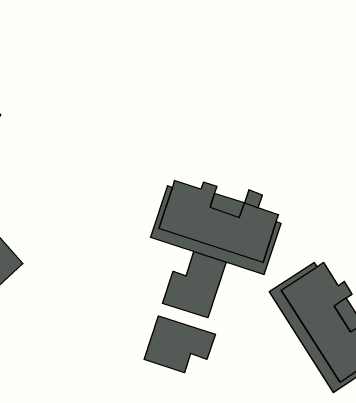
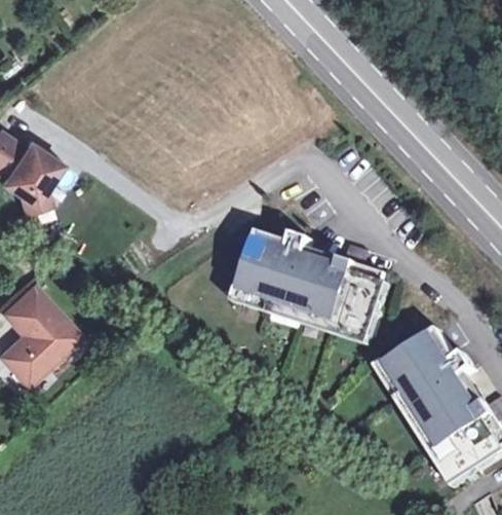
building: [162,251,226,318] -> none
building: [144,316,215,373] -> none

